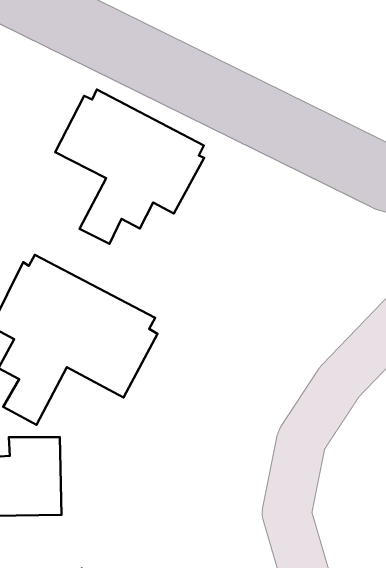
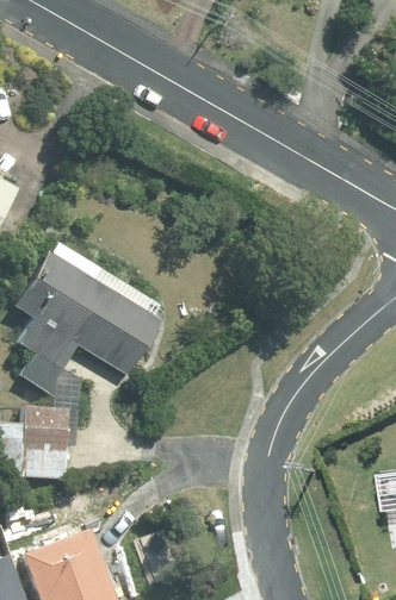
building: [55,90,204,244] -> none

